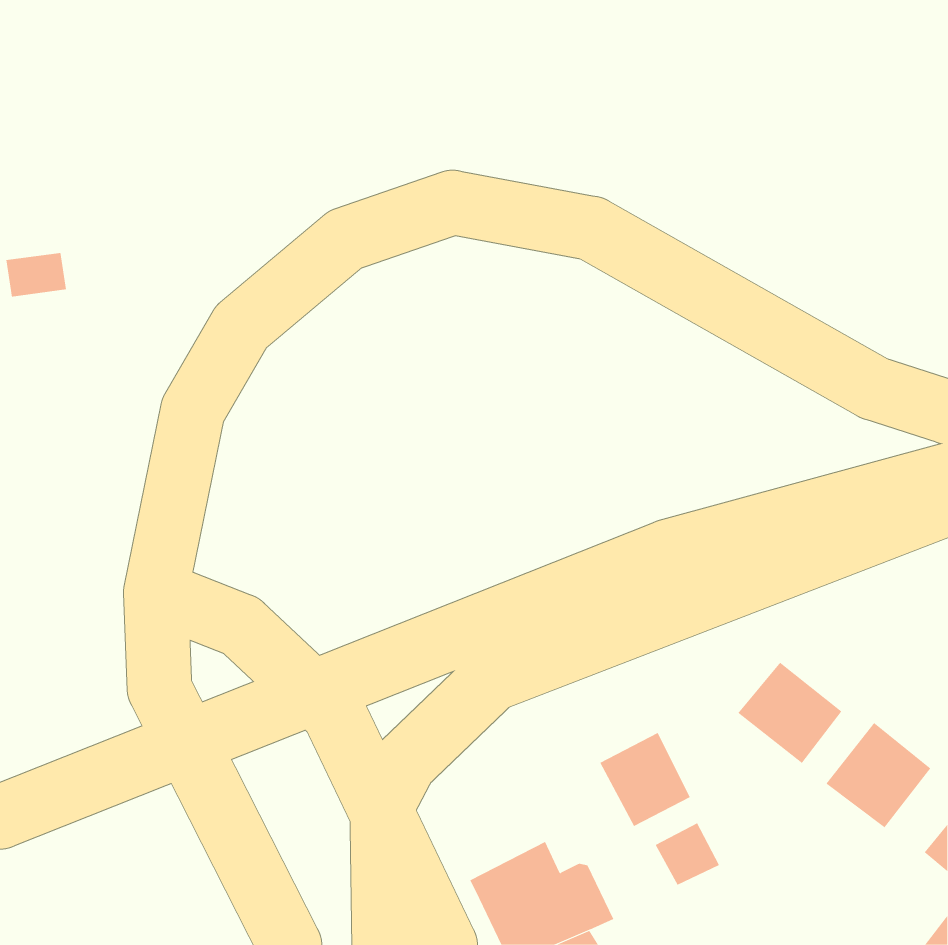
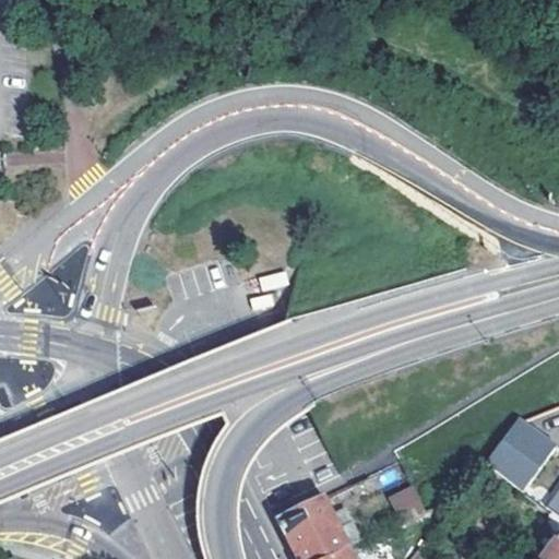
building: [737,662,842,764] -> none
building: [600,732,690,827] -> none

